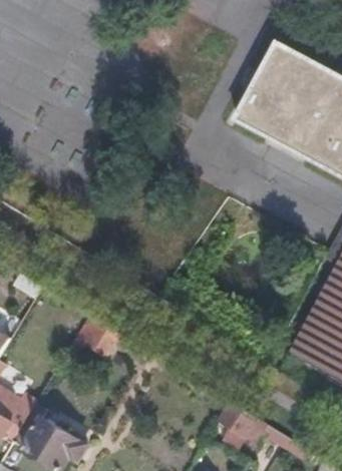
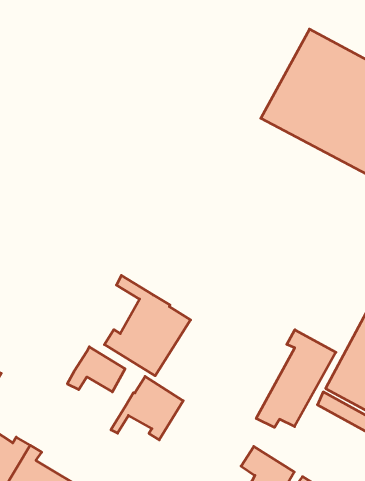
building: none -> [104,275,191,376]
building: none -> [256,330,336,427]
building: none -> [111,376,183,440]

